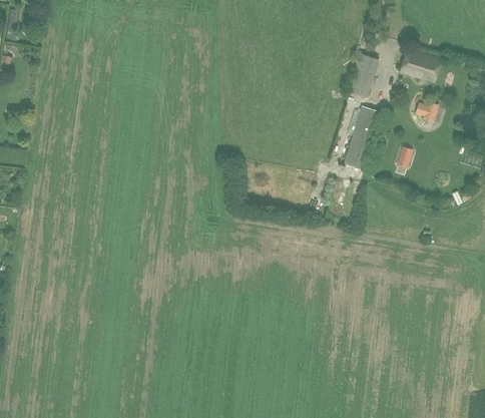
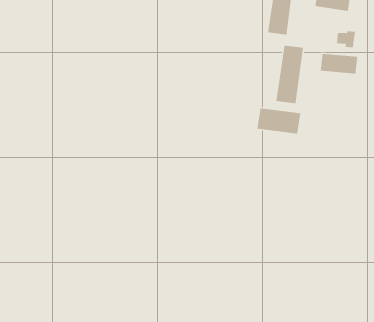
building: none -> [320,53,358,74]
building: none -> [257,108,301,134]

